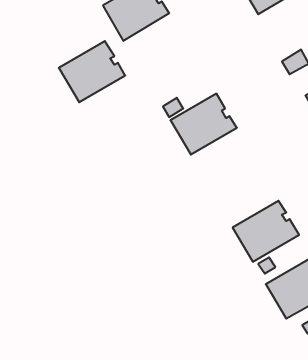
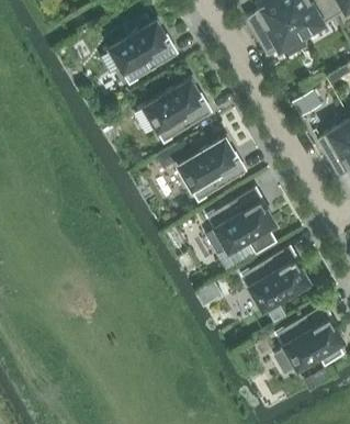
building: [59,41,125,102] -> [143,79,211,142]
building: none -> [207,188,275,254]

